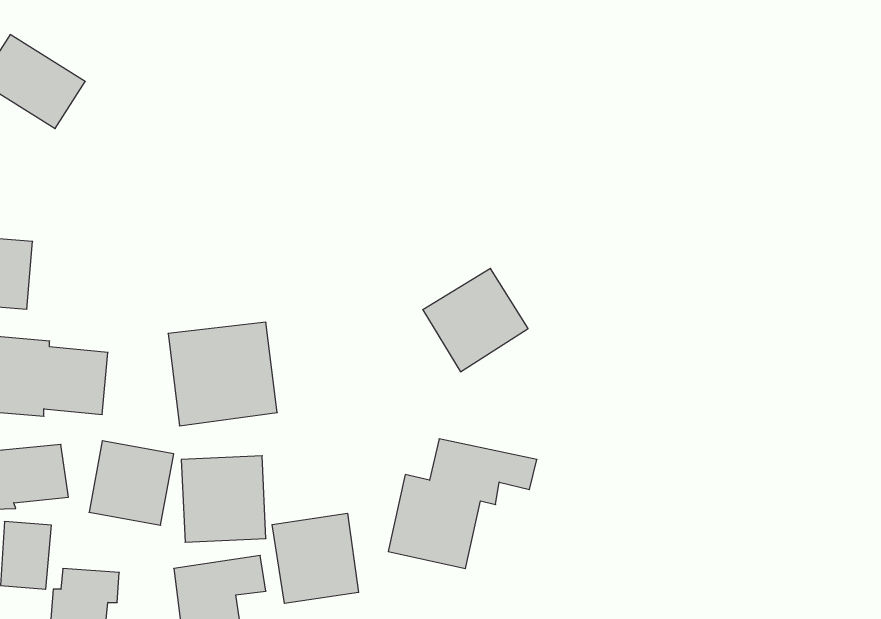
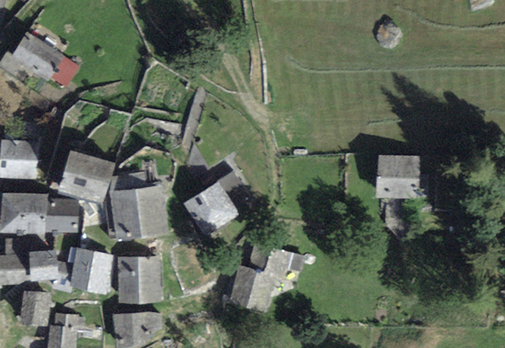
building: none -> [56,148,114,204]
building: none -> [374,154,419,198]
building: [423,268,528,372] -> [183,178,239,233]
building: [272,513,359,603] -> none

